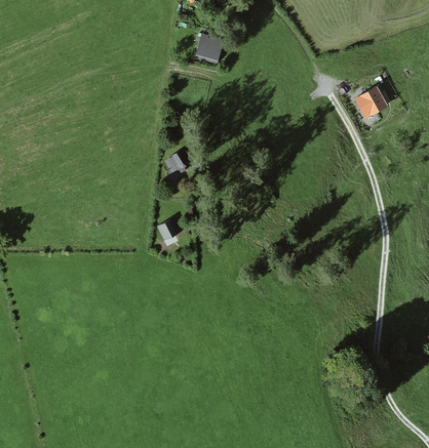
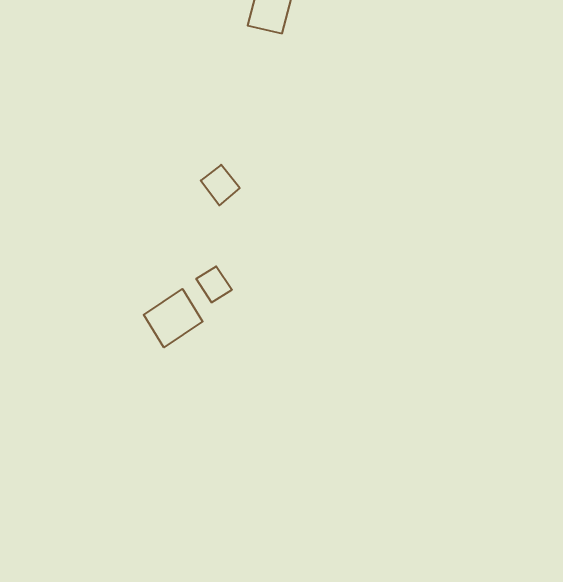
building: [354,88,386,120] -> none
building: none -> [144,289,203,347]

